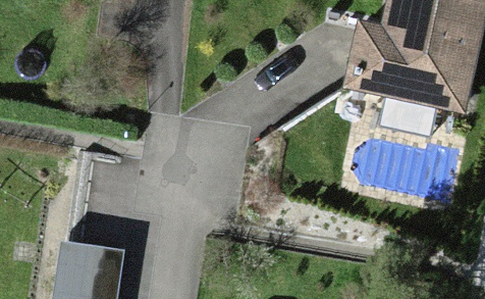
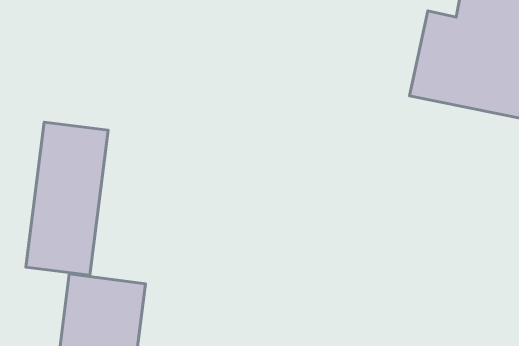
building: none -> [26,122,108,275]

